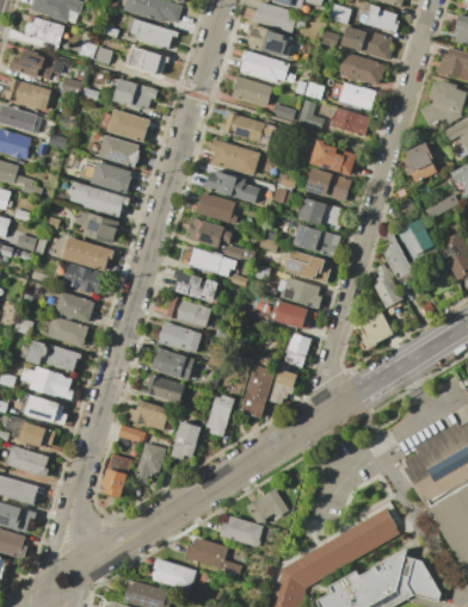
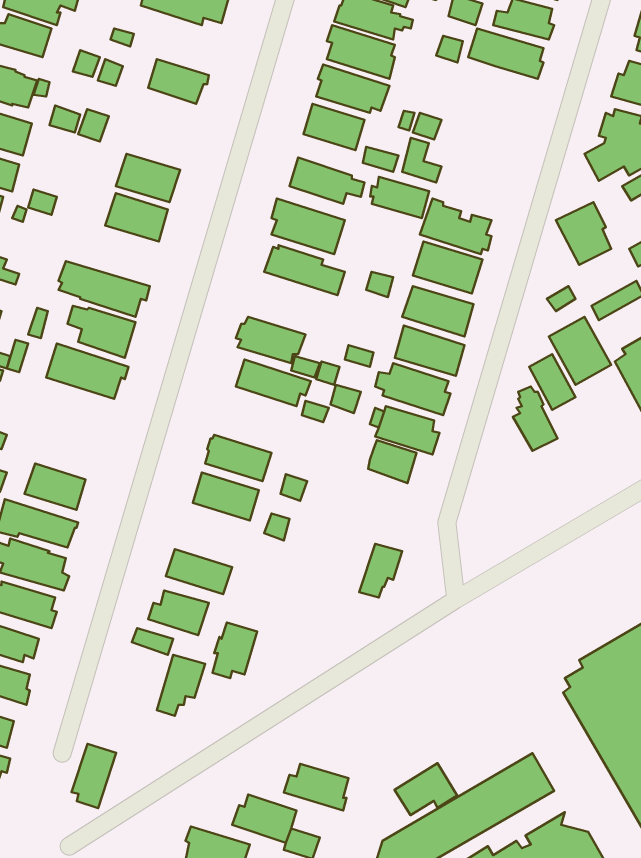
building: [129,18,178,48] -> none
building: [338,51,384,85] -> none
building: [112,78,158,110] -> none
building: [338,82,376,110] -> none
building: [330,107,369,135] -> [370,177,429,218]
building: [91,160,133,193] -> none
building: [197,191,238,224] -> none
building: [63,262,103,293] -> none
building: [172,268,217,302] -> none
building: [53,290,94,322] -> none
building: [350,306,393,349] -> none
building: [284,332,310,366] -> none
building: [149,347,193,379] -> none
building: [240,364,275,417] -> none
building: [205,394,234,435] -> none
building: [101,453,131,496] -> [71,744,116,808]
building: [246,488,288,522] -> [394,763,457,815]

